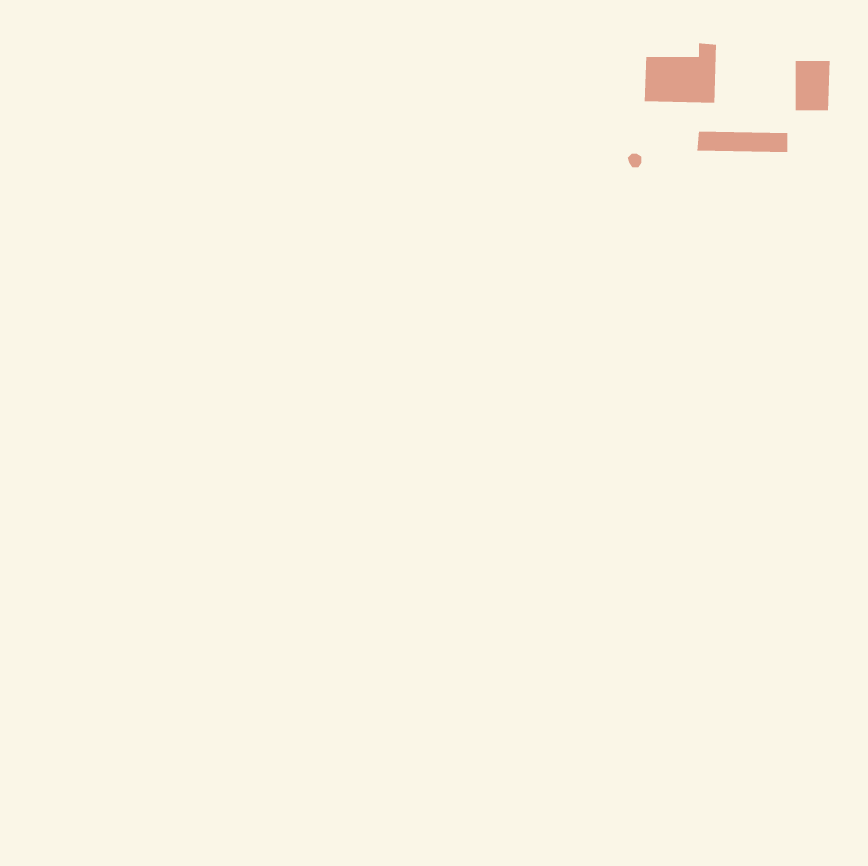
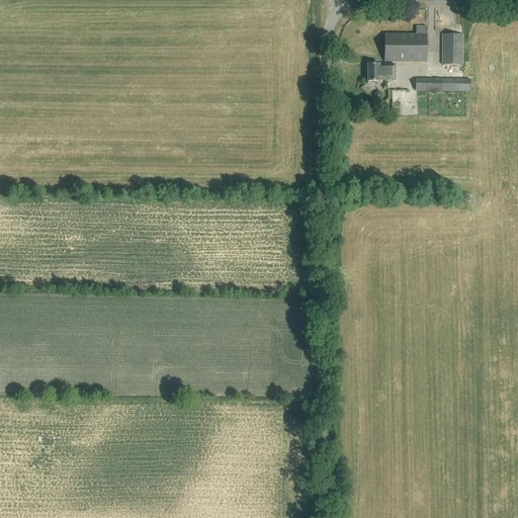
building: [795,60,830,111] -> [442,34,463,65]
building: none -> [367,63,395,80]

